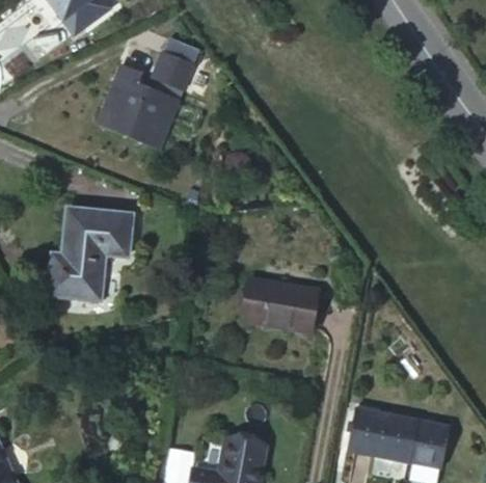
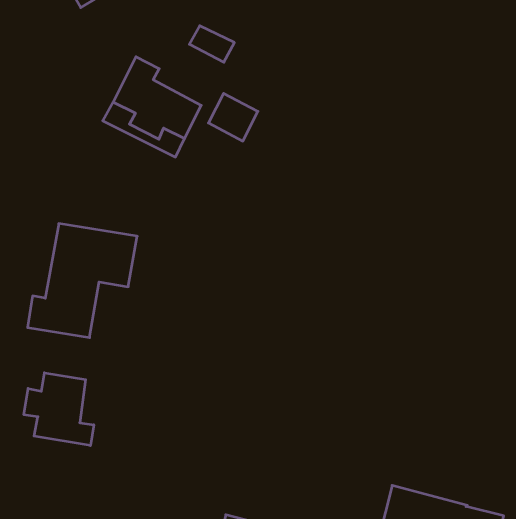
building: [153,57,192,95] -> [208,93,258,141]
building: [244,278,316,331] -> none
building: none -> [24,373,94,446]

